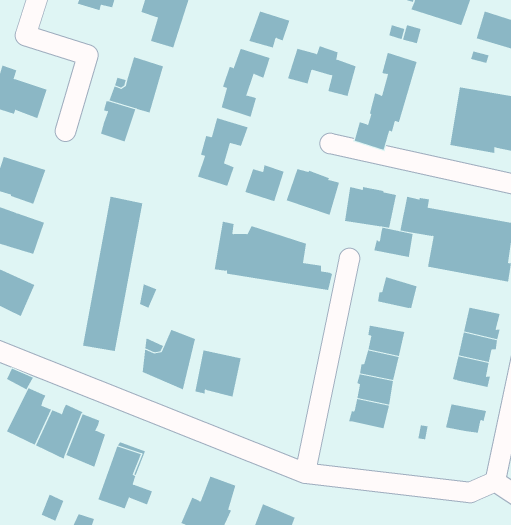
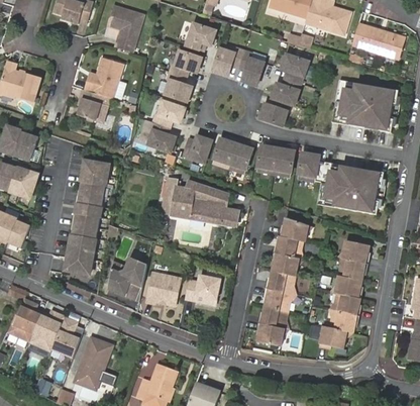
building: [373,227,414,258] -> [274,235,303,258]
building: none -> [185,274,221,300]
building: none -> [333,293,360,315]
building: none -> [257,323,285,345]
building: none -> [317,324,344,347]

